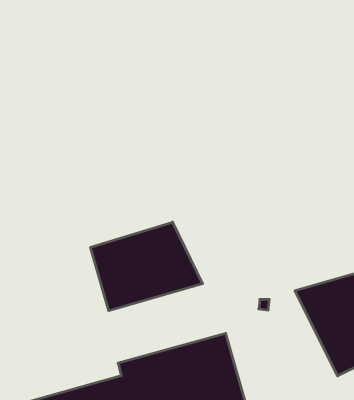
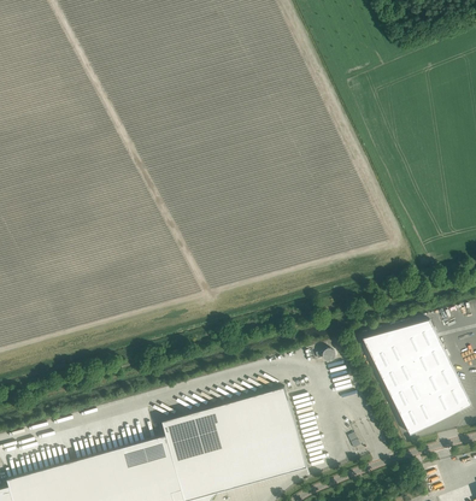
building: [91,222,203,311] -> none

